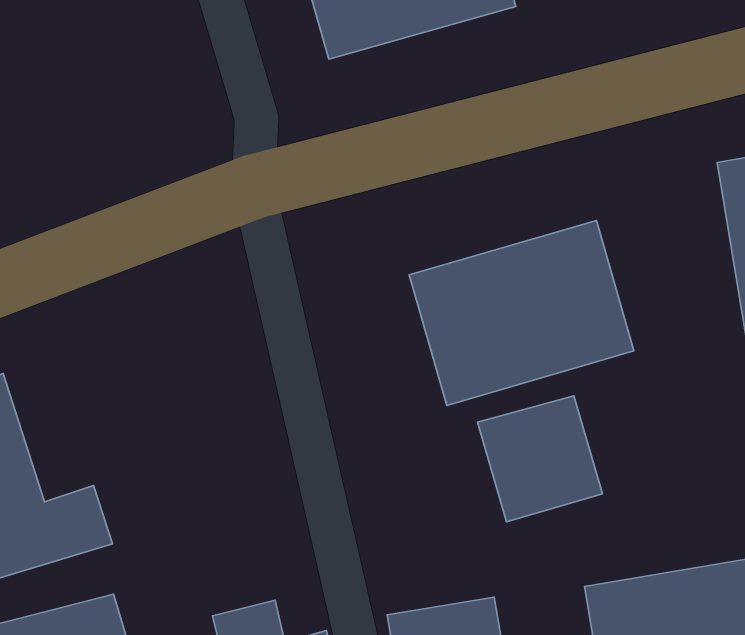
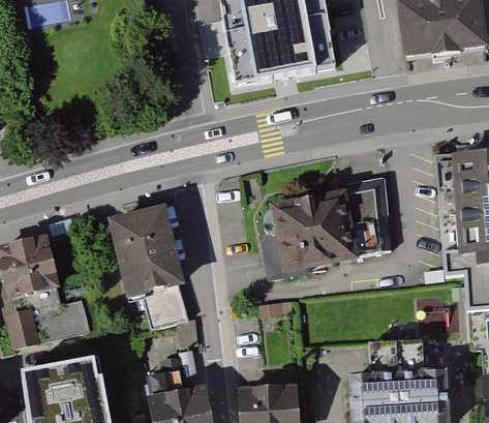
building: none -> [108,205,190,327]
building: [477,396,602,522] -> none

